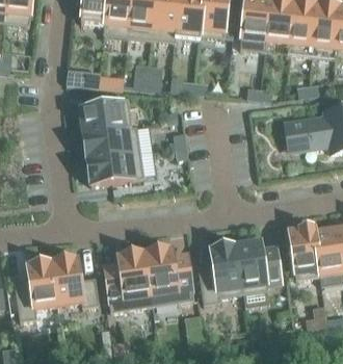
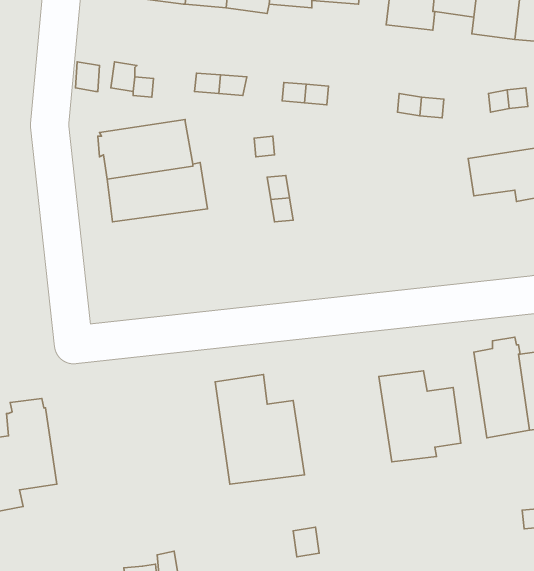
building: [87,150,143,183] -> none
building: [200,239,243,303] -> none
building: [105,246,153,310] -> none
building: [50,257,99,305] -> none

